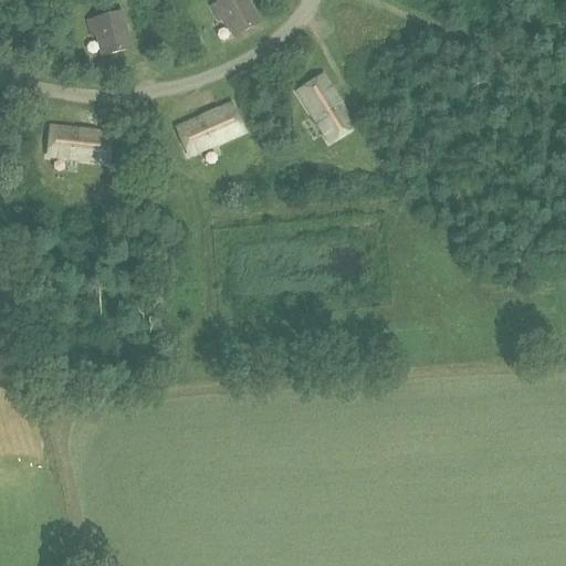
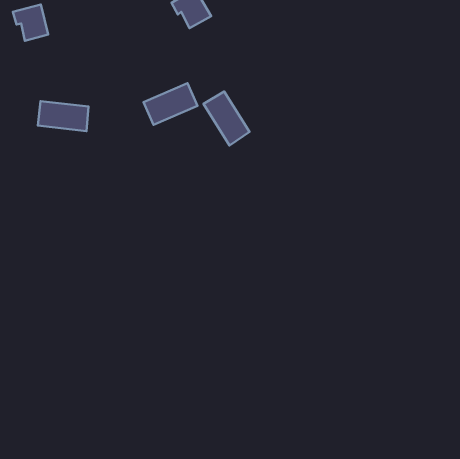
building: [86,9,129,53] -> [13,5,48,41]
building: [296,73,353,139] -> [203,91,249,146]

